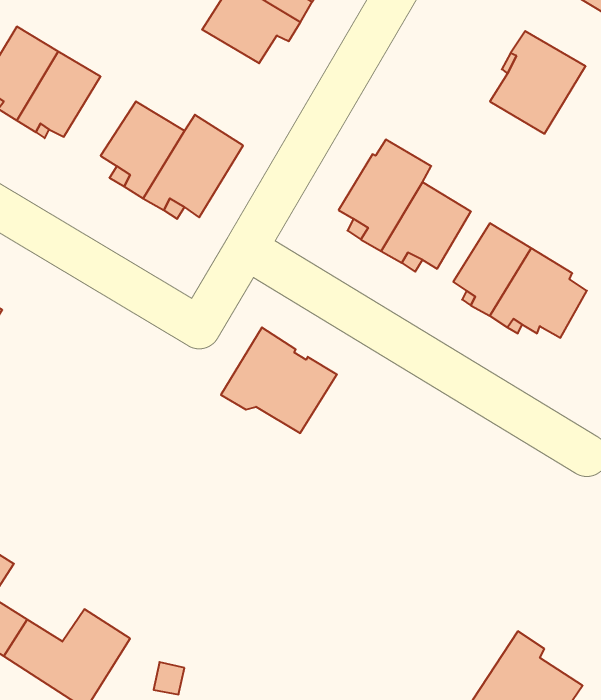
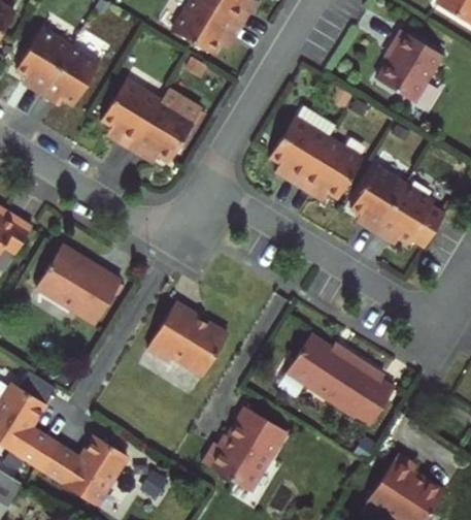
building: [221,327,337,433] -> [148,300,230,375]
building: none -> [37,243,122,324]
building: none -> [285,330,394,422]
building: none -> [203,408,287,490]

